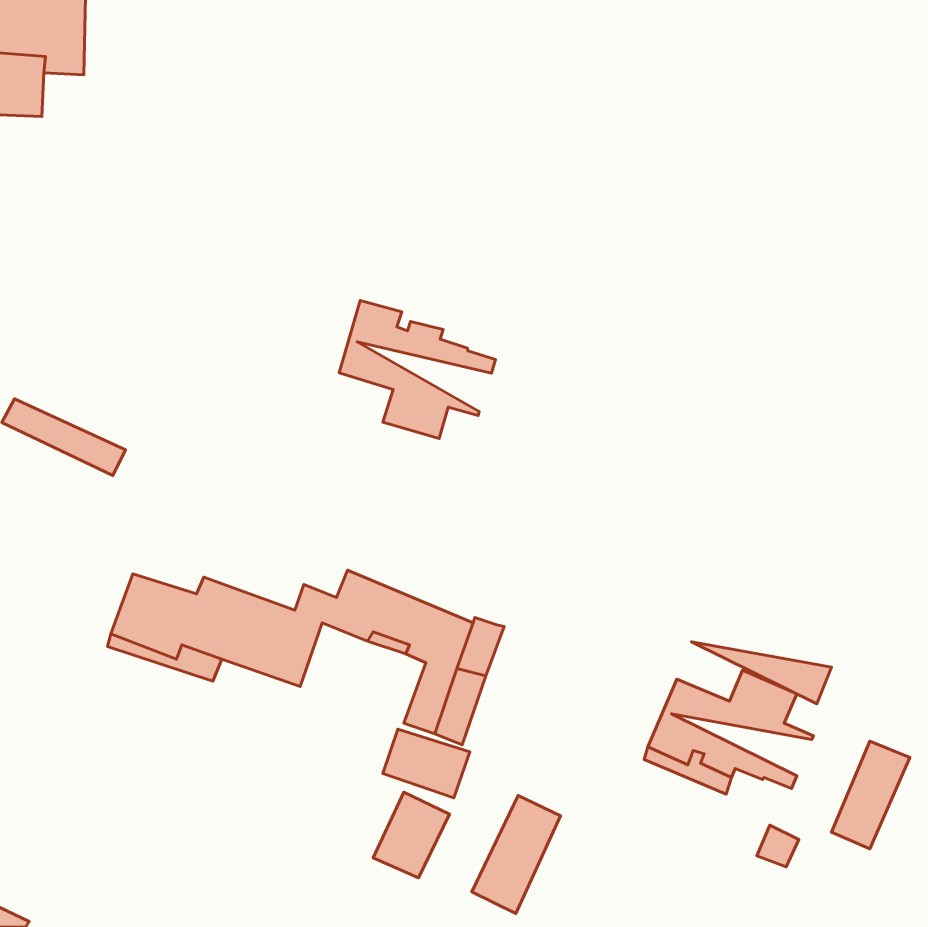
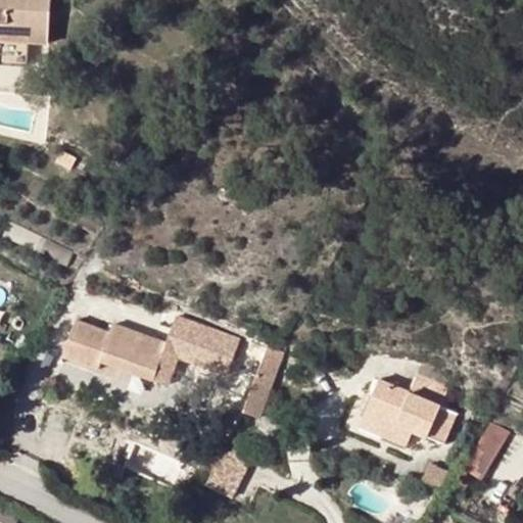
building: [339,301,495,438] -> none
building: [691,642,832,704] -> [377,400,456,435]
building: [383,729,470,798] -> none
building: [472,796,561,913] -> none

